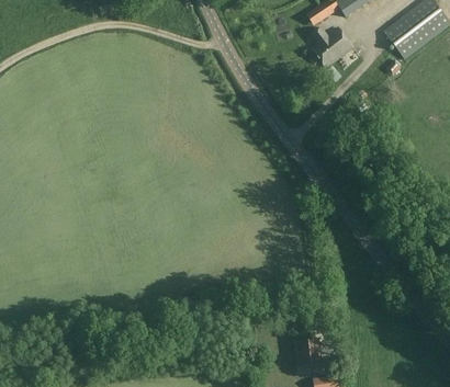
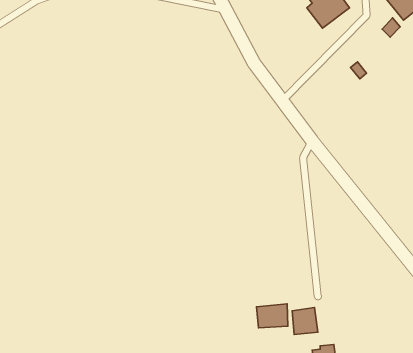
building: none -> [256,304,288,328]

